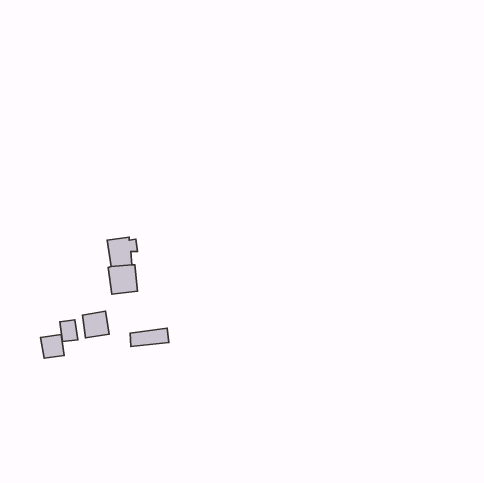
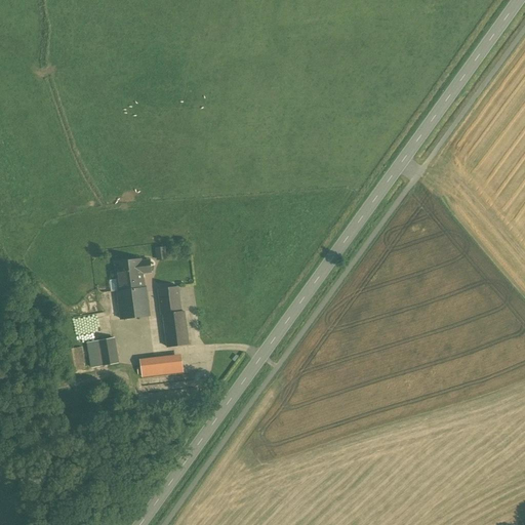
building: none -> [160,285,189,346]
building: [40,335,64,358] -> none

